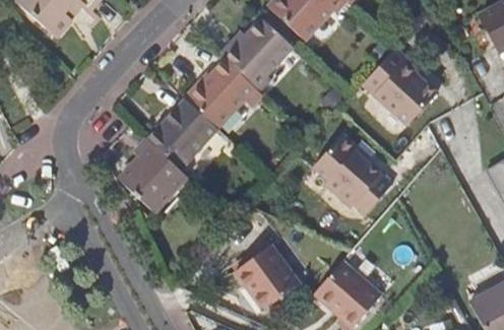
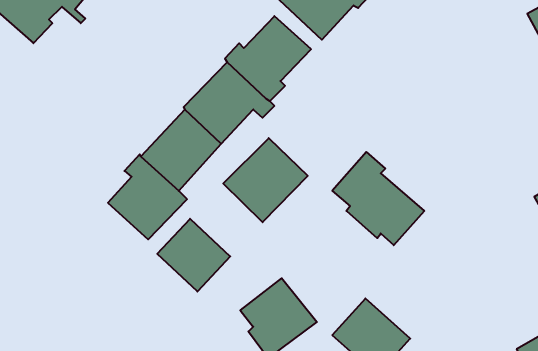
building: [363,50,438,128] -> none
building: none -> [223,138,308,222]
building: none -> [157,219,230,292]

